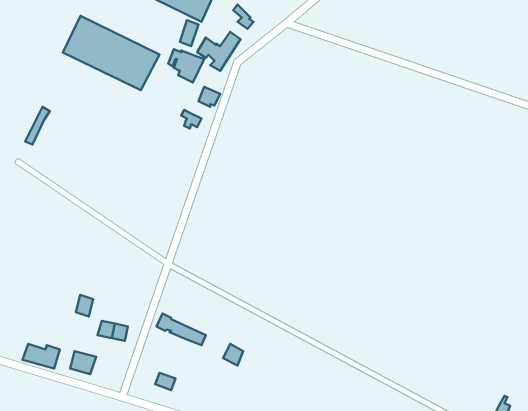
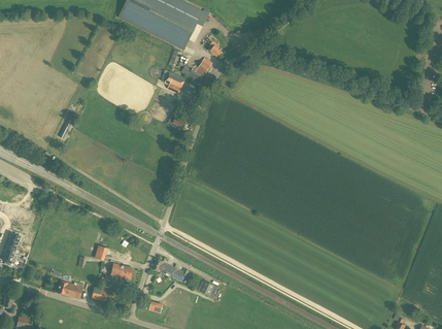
building: [63,16,159,90] -> none

